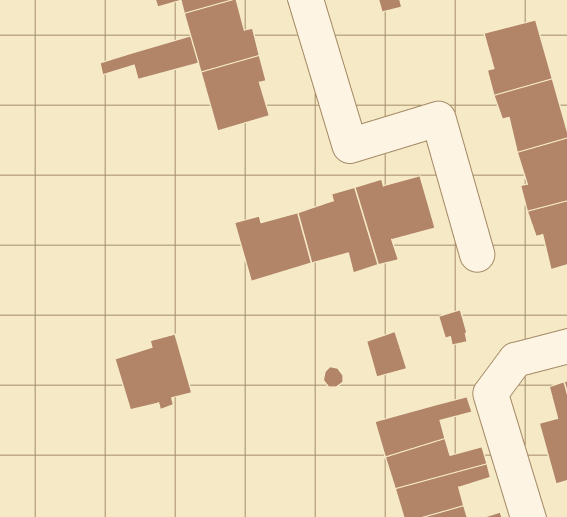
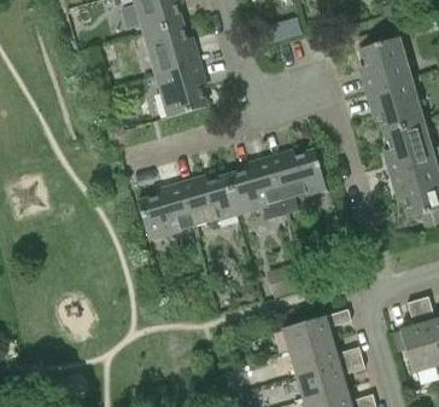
building: [100,36,198,80] -> none
building: [115,334,192,409] -> [136,184,192,238]

